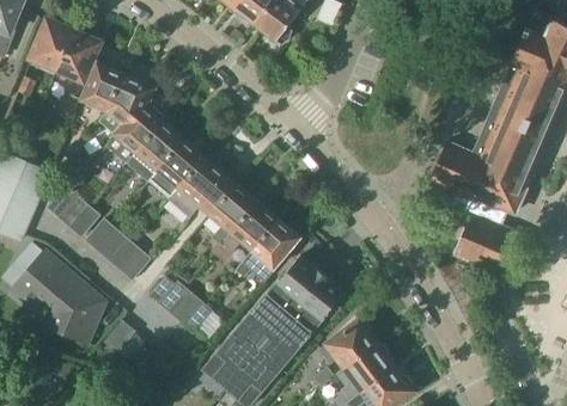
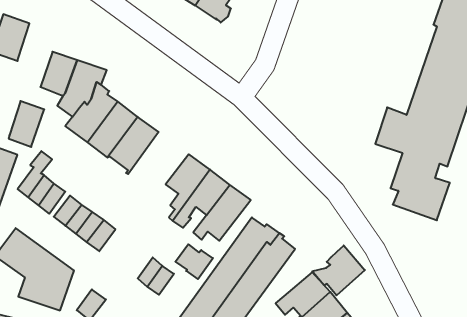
building: [59,31,99,81] -> [9,101,44,147]
building: [170,158,237,217] -> none
building: [150,276,190,314] -> [175,244,213,279]
building: none -> [312,245,365,295]

